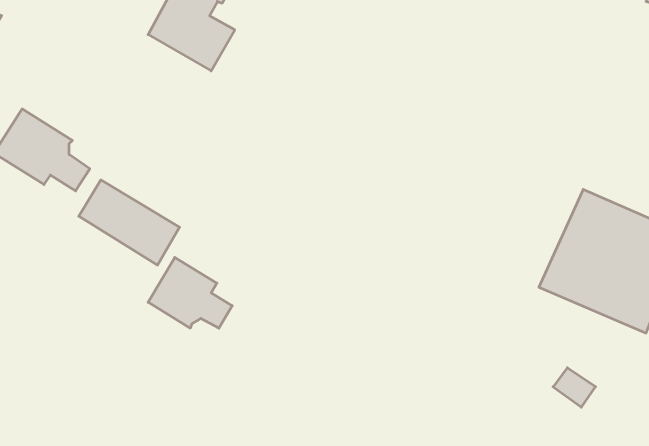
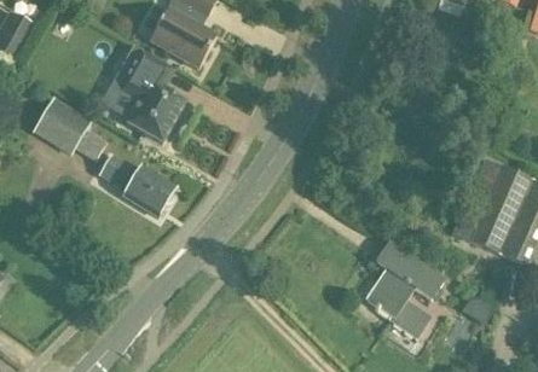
building: none -> [120,47,185,141]
building: [148,257,232,328] -> none
building: none -> [366,243,442,335]

